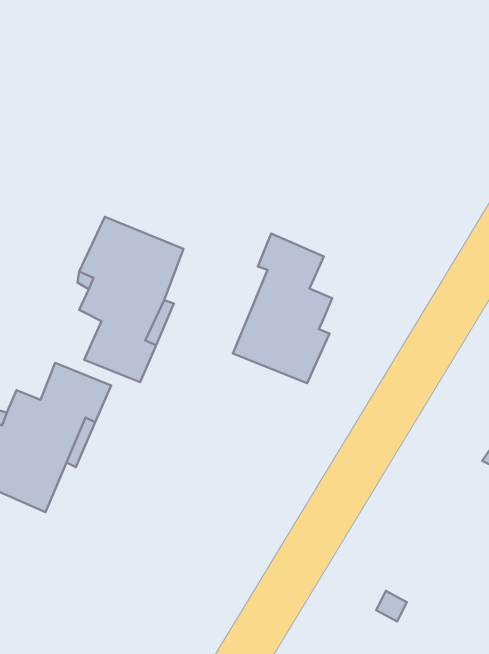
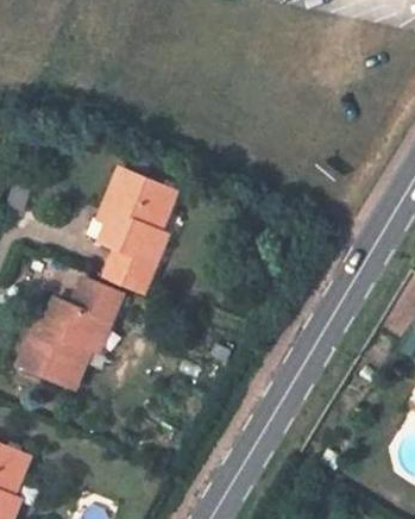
building: [233,234,332,383] -> none

